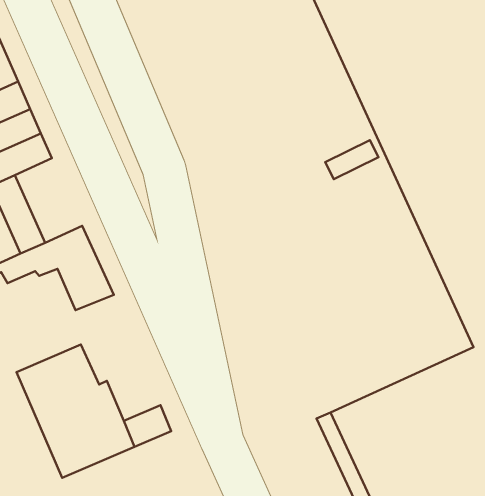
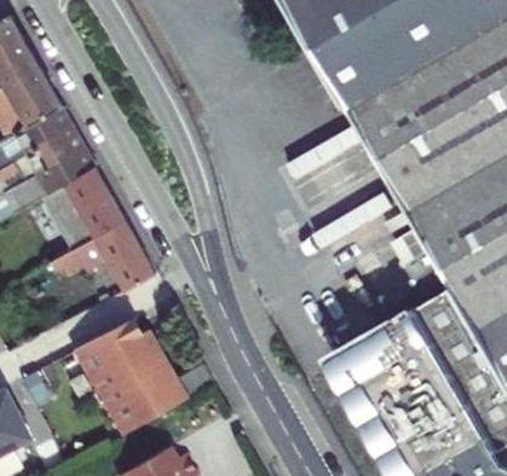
building: none -> [64,168,123,238]

